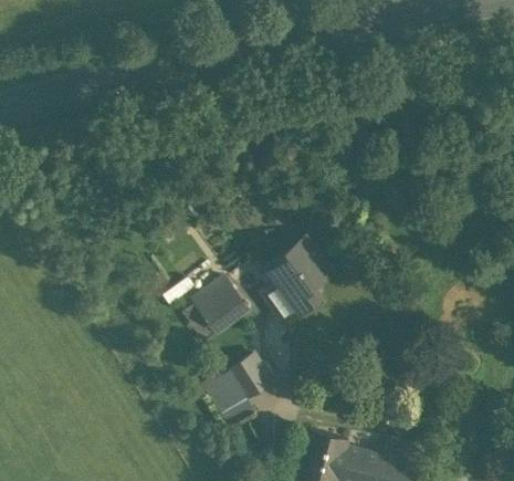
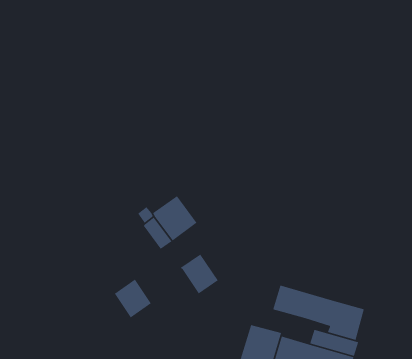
building: [264,241,332,323] -> none
building: [206,367,251,415] -> [114,278,152,318]
building: none -> [272,285,365,341]

